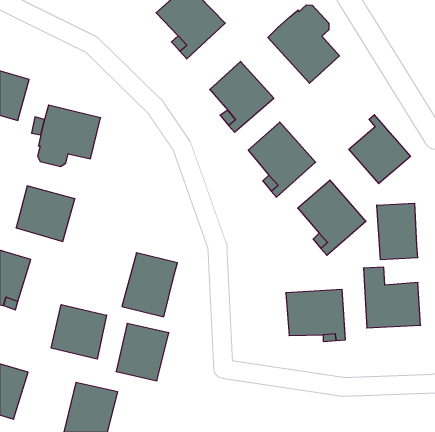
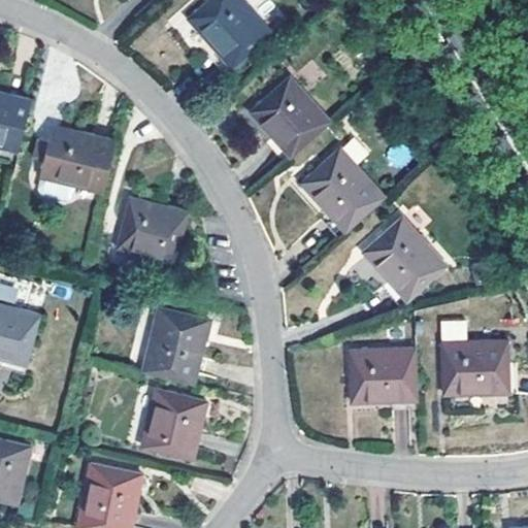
building: [268,5,339,83] -> none
building: [349,115,410,184] -> none
building: [16,186,75,241] -> [123,197,194,264]
building: [377,203,418,260] -> none
building: [51,305,107,359] -> none

